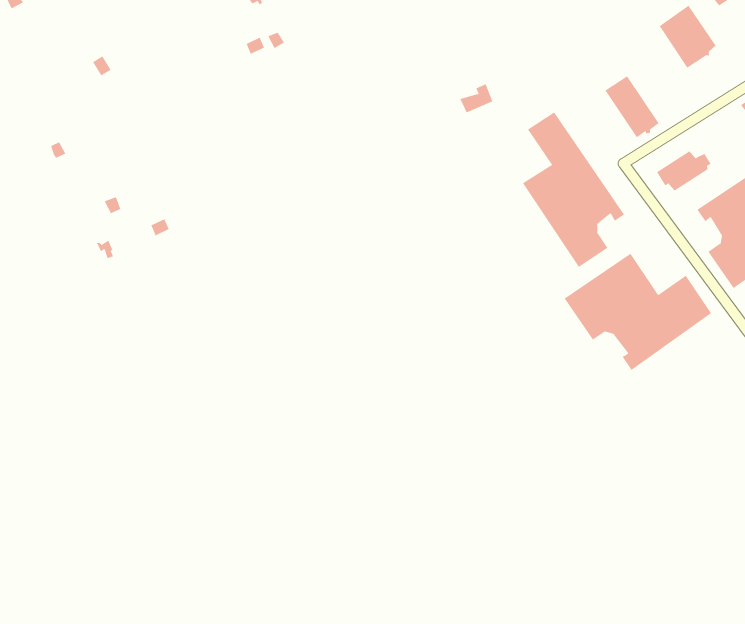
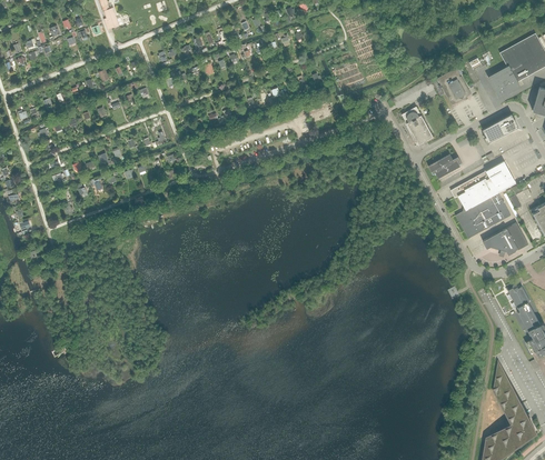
building: [522,111,625,268] -> none
building: [564,253,712,371] -> none

